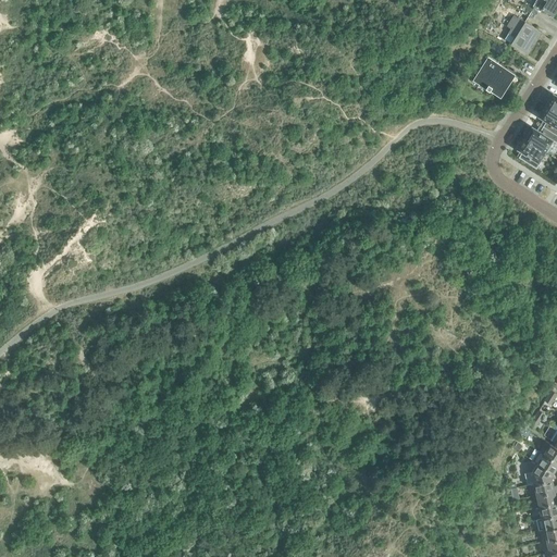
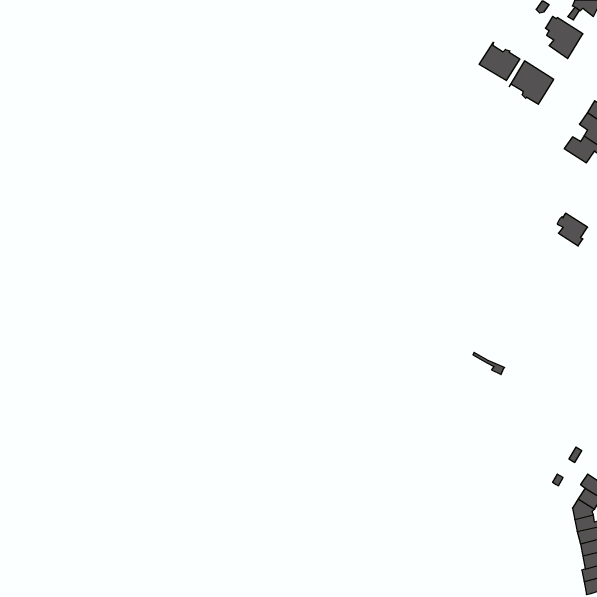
building: none -> [479,42,520,81]
building: [518,139,546,170] -> [557,213,588,246]

